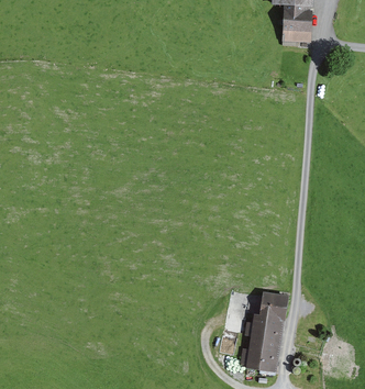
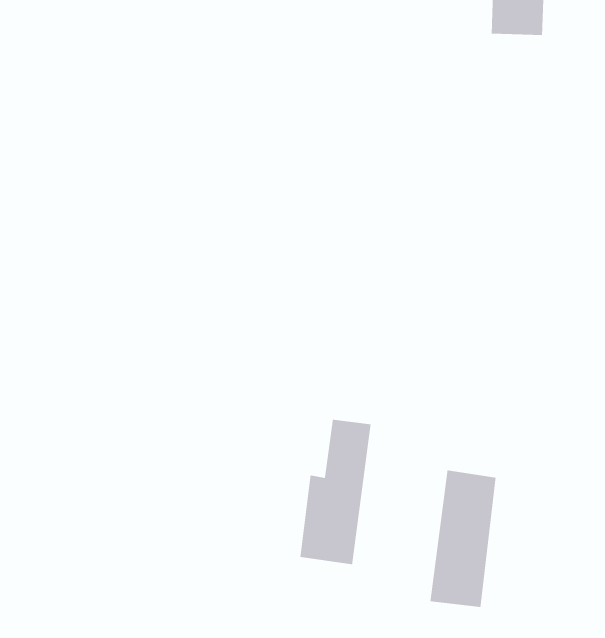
building: none -> [299,419,371,565]

